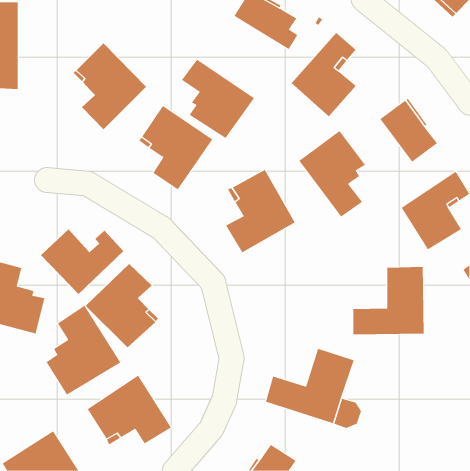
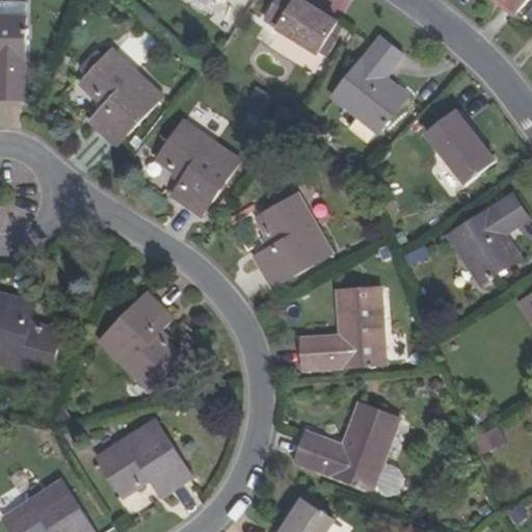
building: [181,59,255,139] -> none
building: [299,130,366,218] -> none
building: [40,229,124,295] -> none
building: [352,266,424,335] -> [300,294,381,371]
building: [46,305,121,395] -> none

